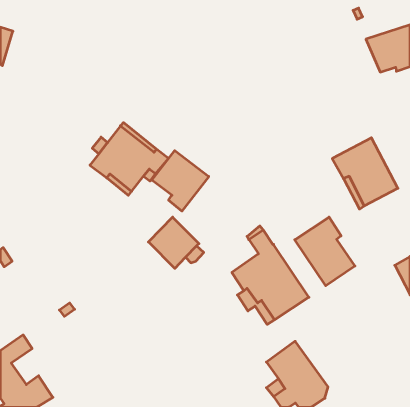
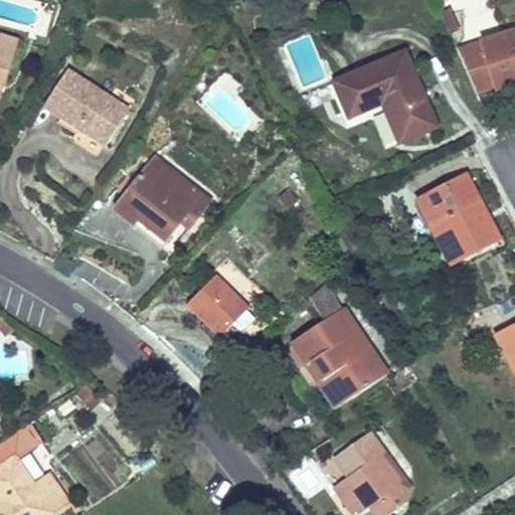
building: none -> [334,50,437,140]
building: none -> [43,68,129,144]
building: [152,151,209,211] -> none
building: [295,217,355,286] -> none

